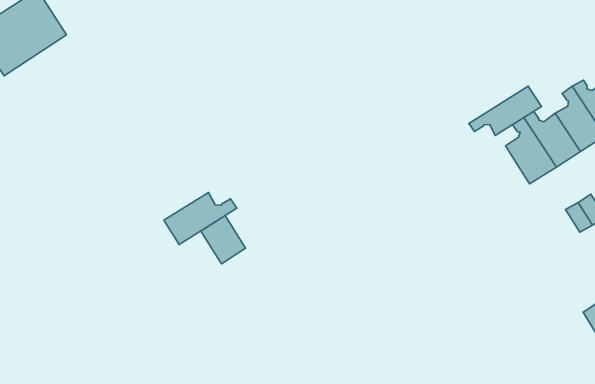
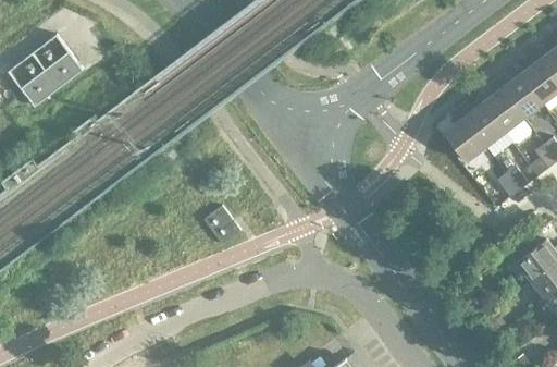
building: [469,86,541,135] -> none
building: [164,192,237,244] -> none

